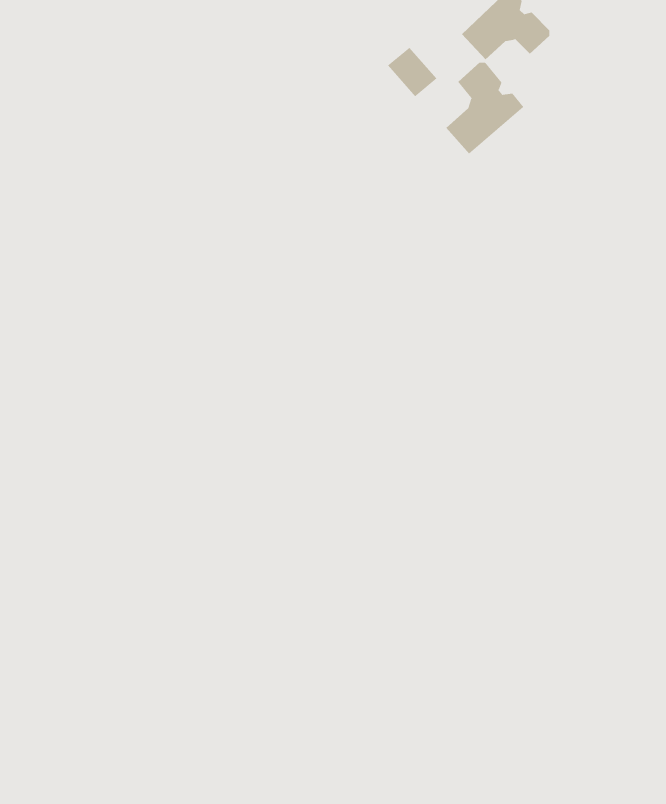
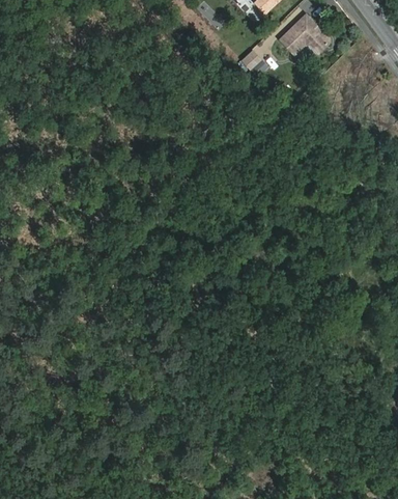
building: [446,62,524,154] -> none

